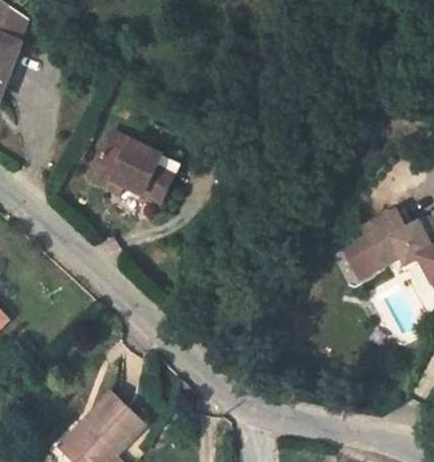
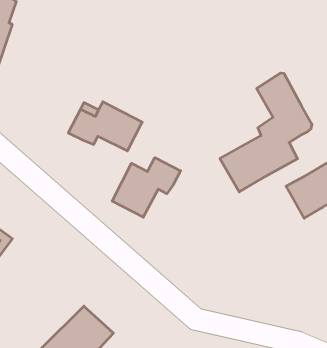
building: none -> [220,73,312,192]
building: none -> [112,158,181,217]

